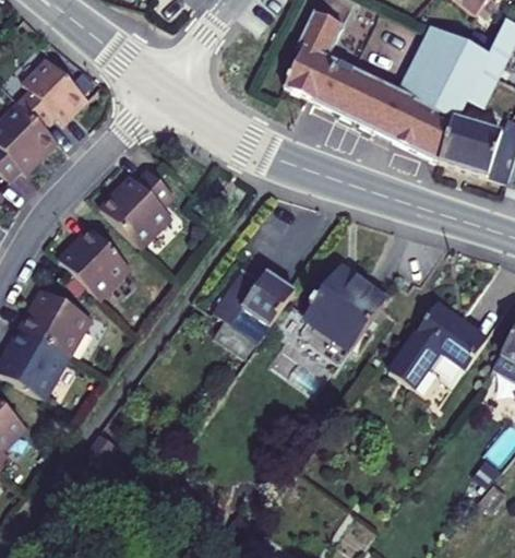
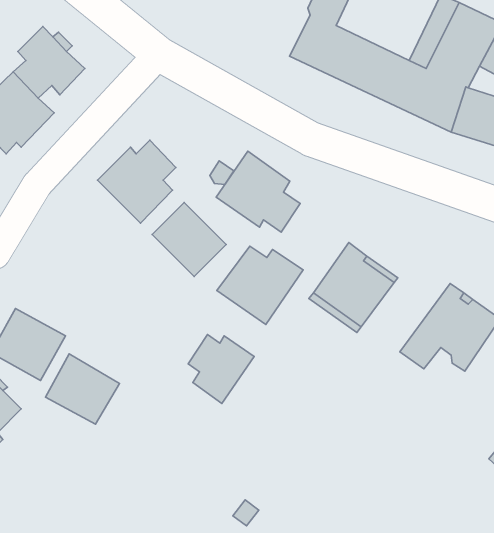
building: none -> [216,151,300,232]
building: [58,224,129,295] -> [152,203,226,277]
building: [21,286,92,354] -> [45,354,119,424]
building: none -> [188,335,254,403]

